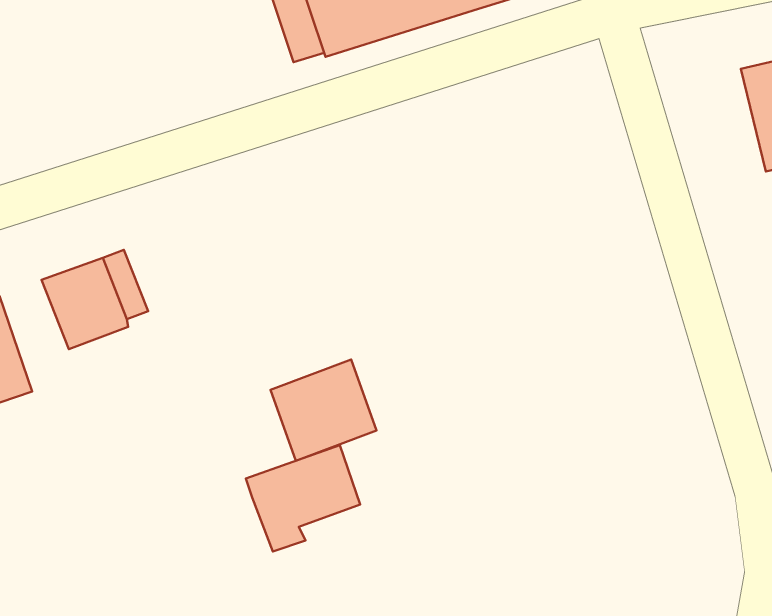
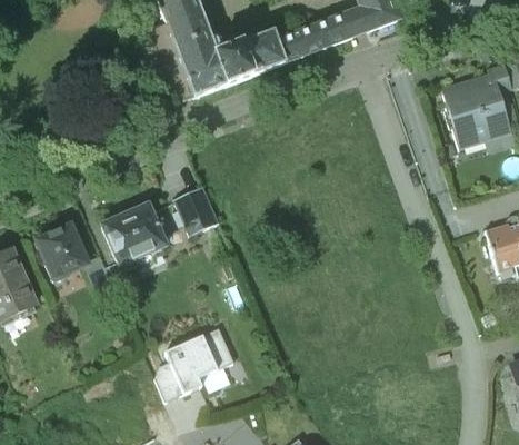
building: none -> [174,186,220,233]
building: [270,360,376,461] -> [104,207,169,269]
building: none -> [156,360,184,400]

